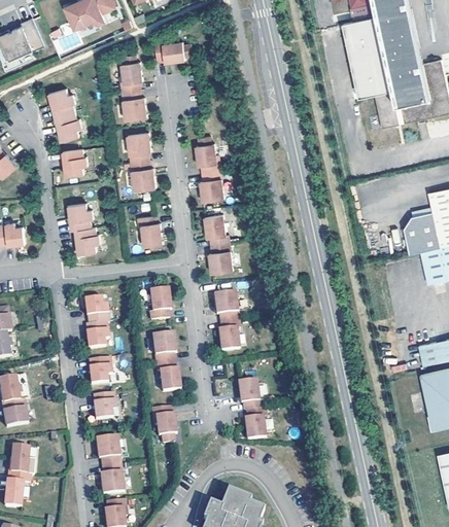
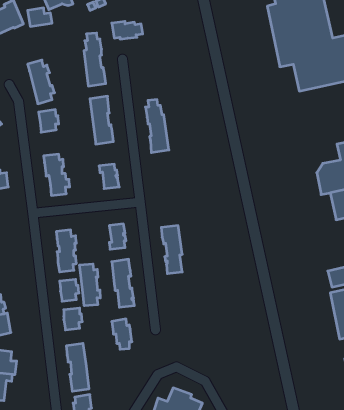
building: [203,216,232,274] -> none
building: none -> [80,264,100,306]
building: [238,379,266,440] -> none

